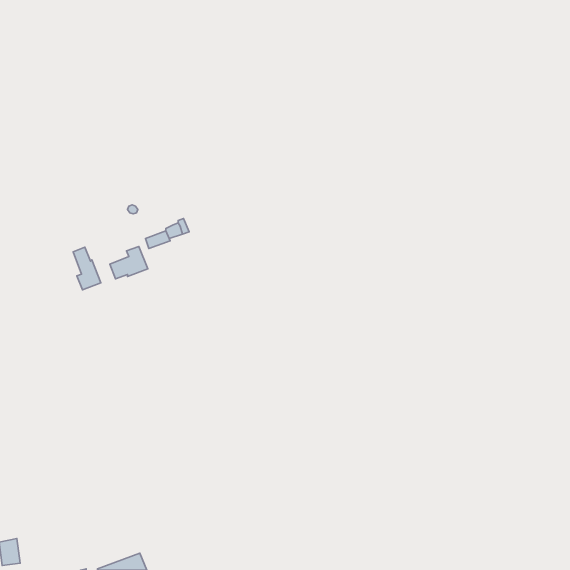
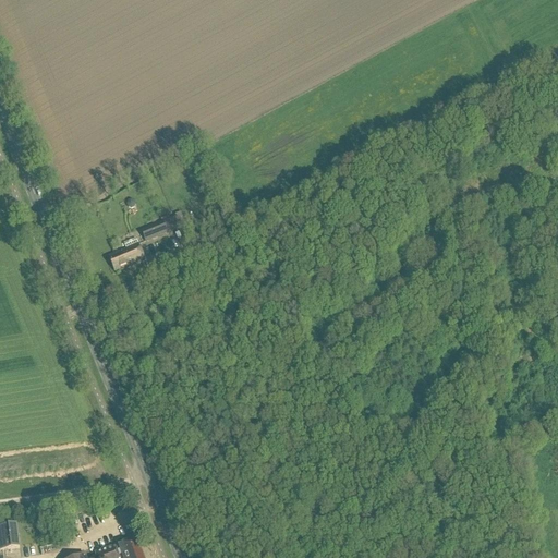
building: [73,247,101,290] -> none

